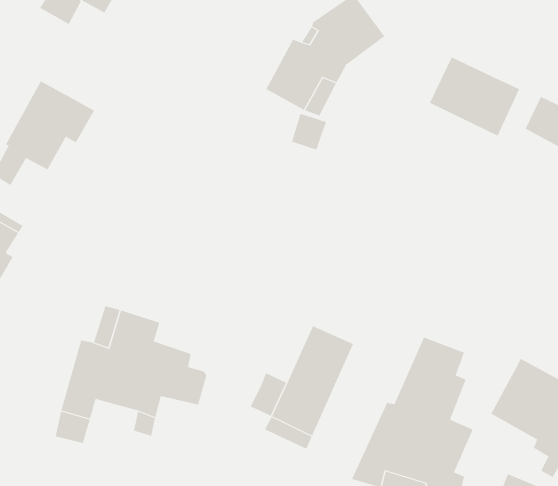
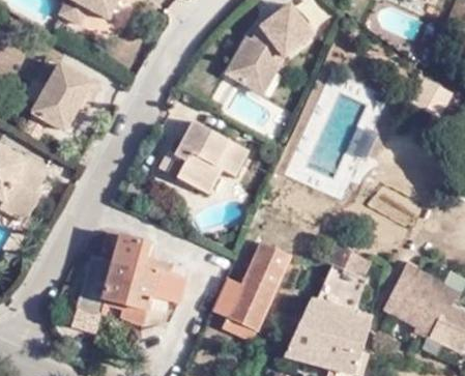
building: [429,57,520,137] -> none
building: none -> [159,122,246,192]

